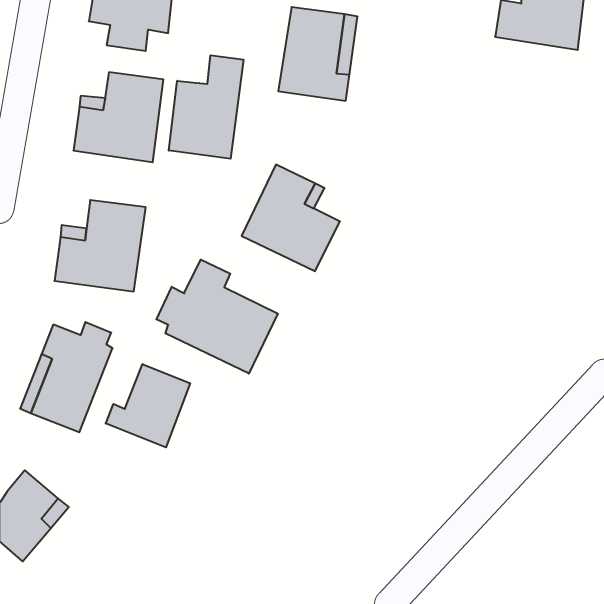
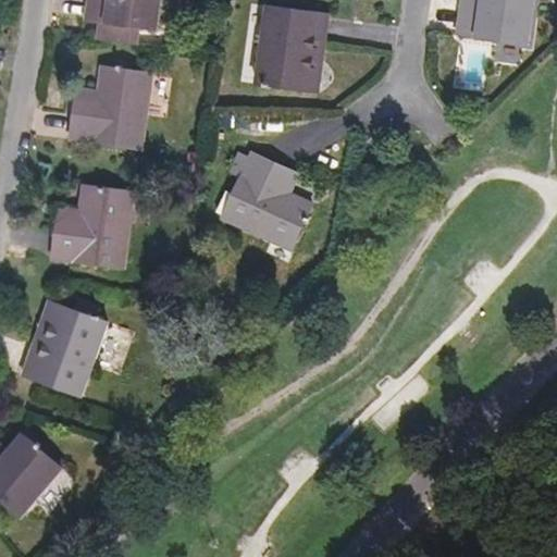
building: [169,55,243,159] -> none
building: [156,260,278,374] -> none
building: [106,364,190,447] -> none

